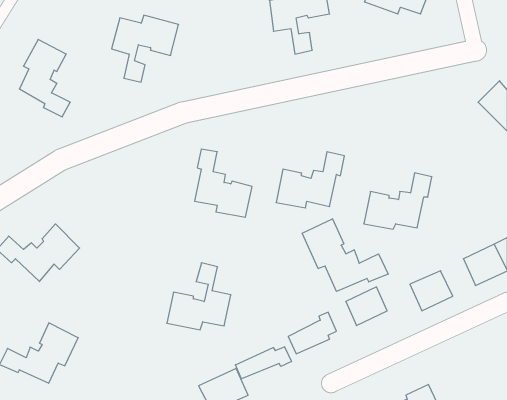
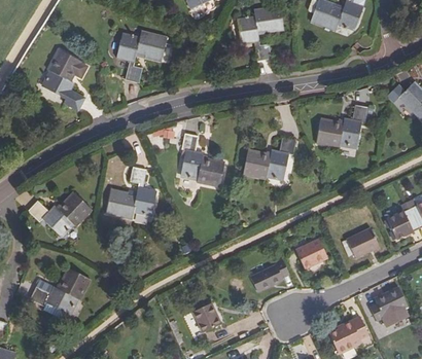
building: [364,173,432,229] -> [316,104,368,147]
building: [302,219,388,291] -> none
building: [167,263,231,330] -> [107,167,156,218]
building: none -> [371,285,409,320]
building: [235,347,291,379] -> none

